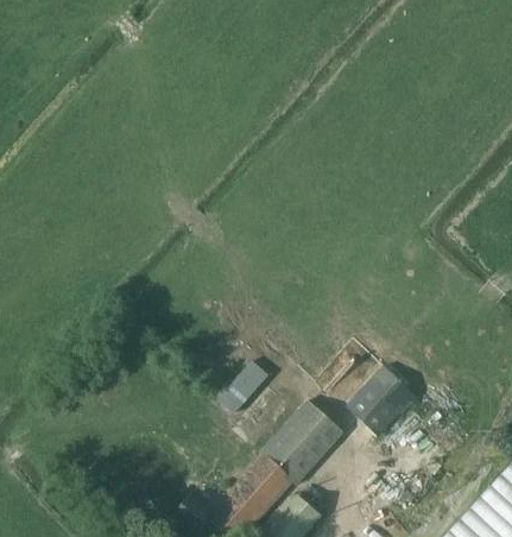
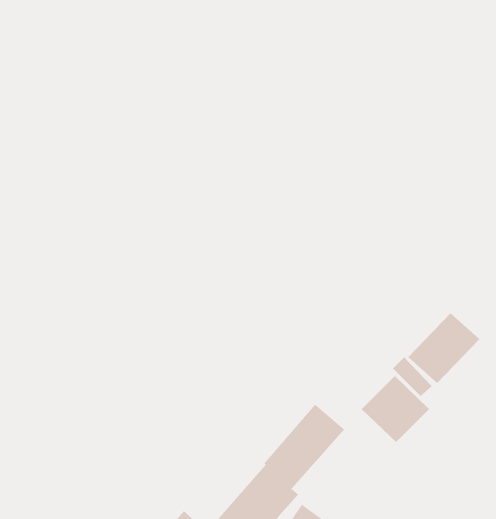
building: none -> [407,312,480,384]
building: [220,362,268,415] -> none

